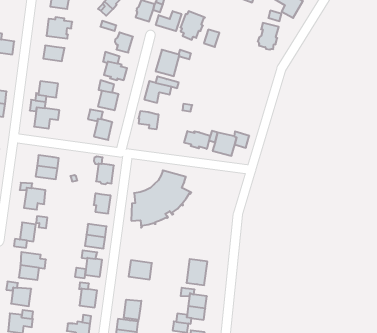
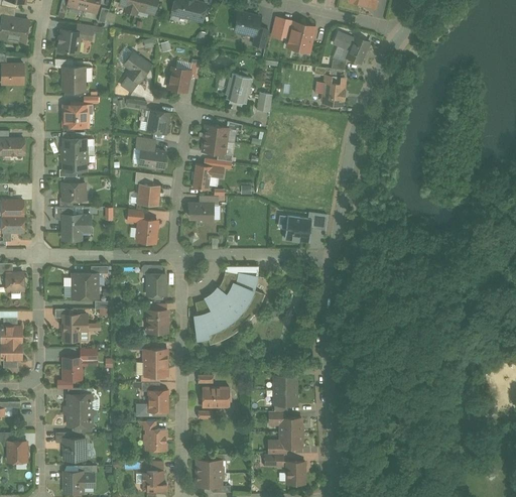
building: [156,11,181,31] -> none
building: none -> [62,154,86,170]
building: [184,131,210,149] -> none
building: [124,300,141,320] -> none

